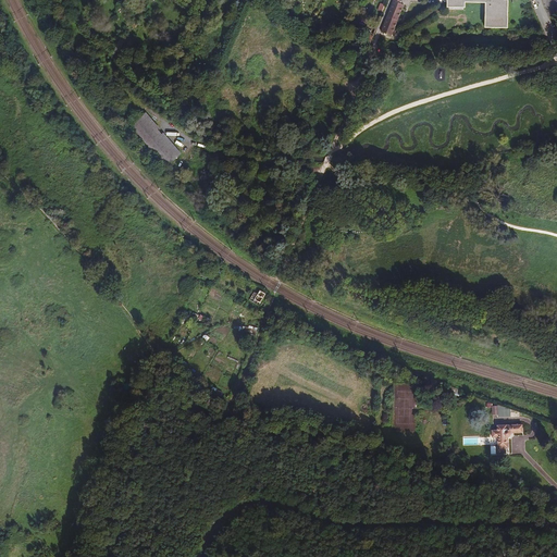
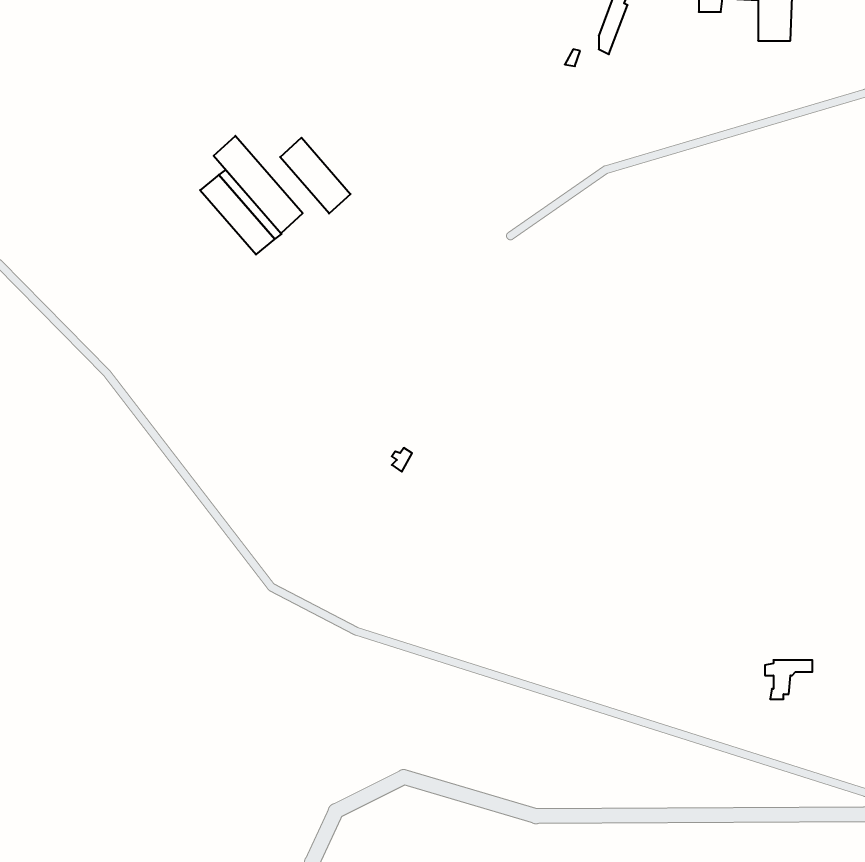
building: none -> [214,136,303,233]
building: none -> [280,138,351,214]

